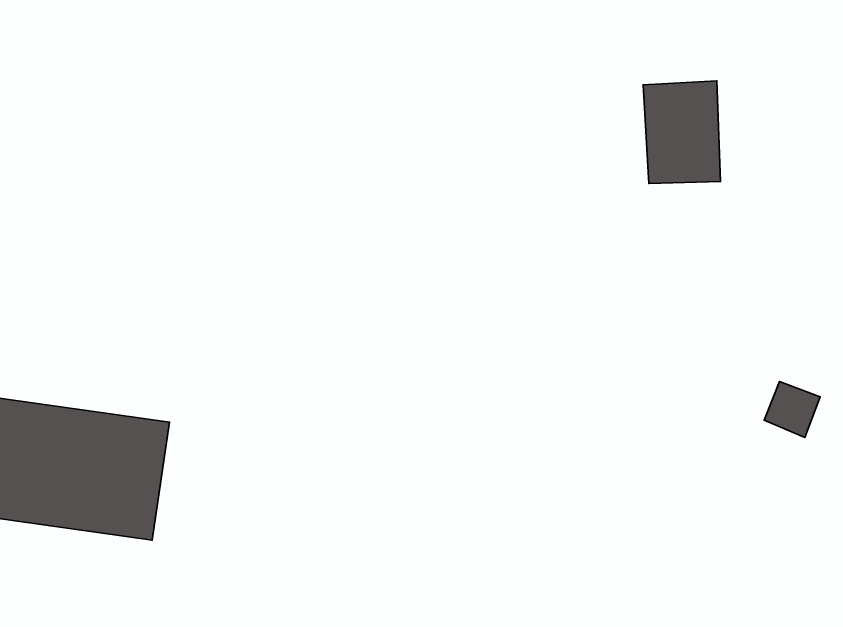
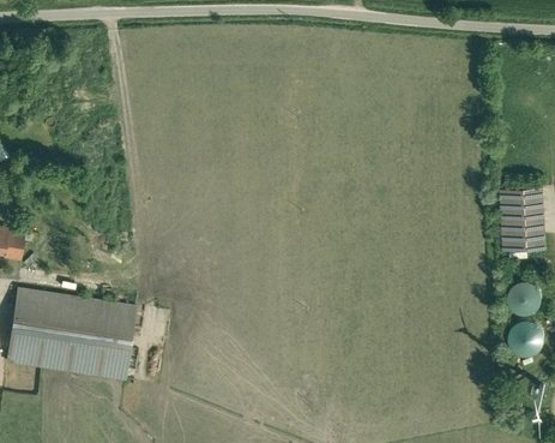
building: [643,81,721,183] -> [497,186,545,250]
building: none -> [503,318,545,358]

